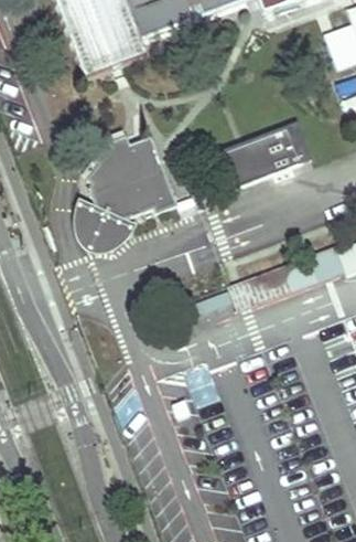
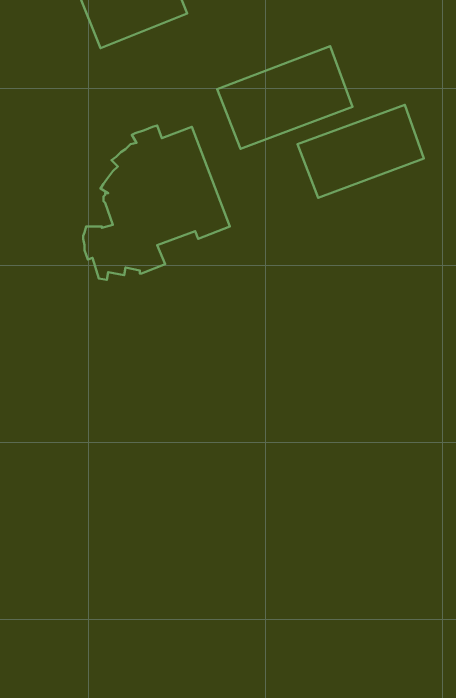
building: none -> [217,46,352,149]

